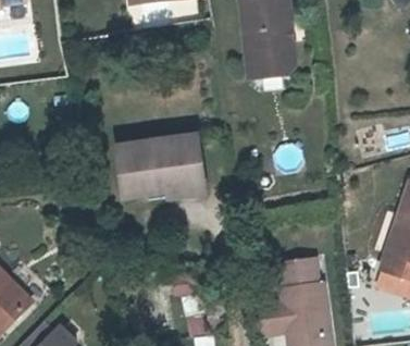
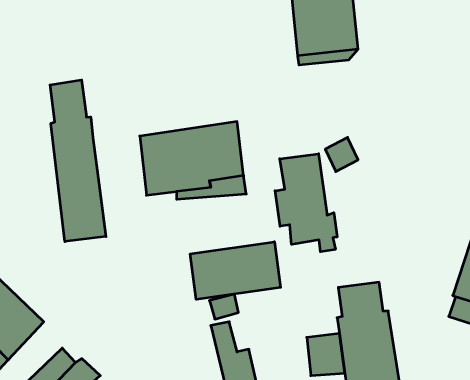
building: none -> [50,80,106,242]
building: none -> [275,154,337,252]
building: none -> [190,242,281,299]

